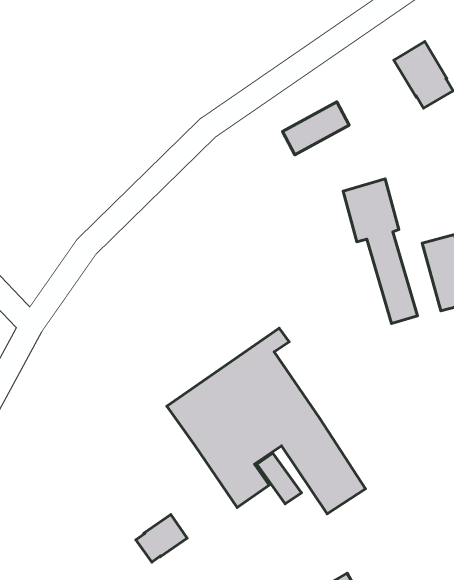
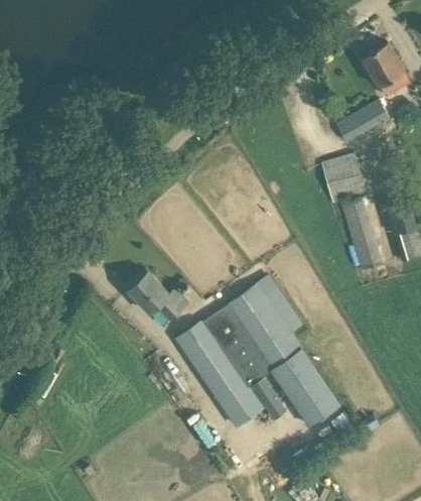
building: [283,102,349,155] -> [335,100,390,143]
building: none -> [130,271,189,320]
building: [136,515,187,562] -> none

